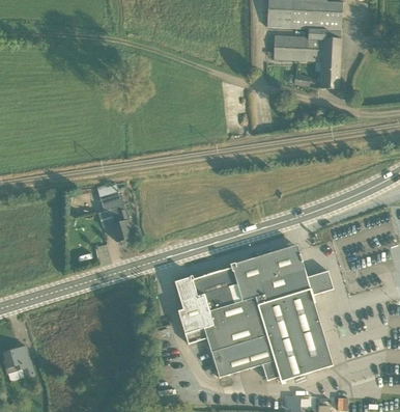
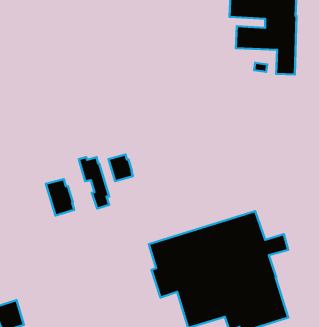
building: none -> [109,155,133,181]
building: none -> [46,179,74,215]

